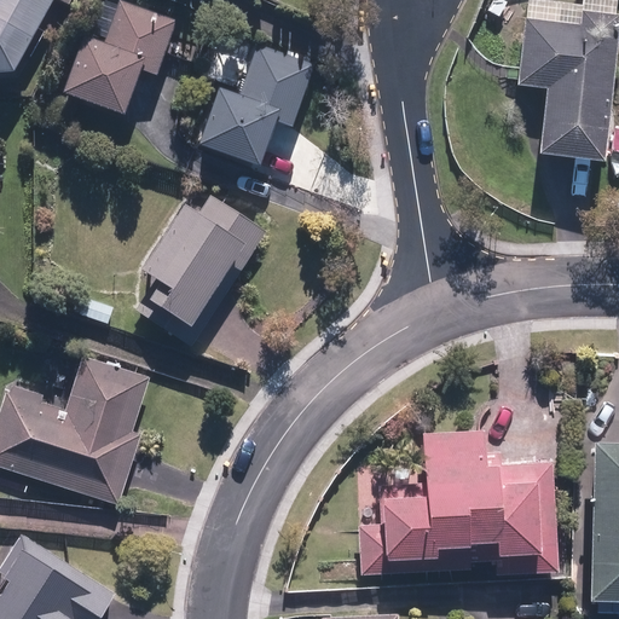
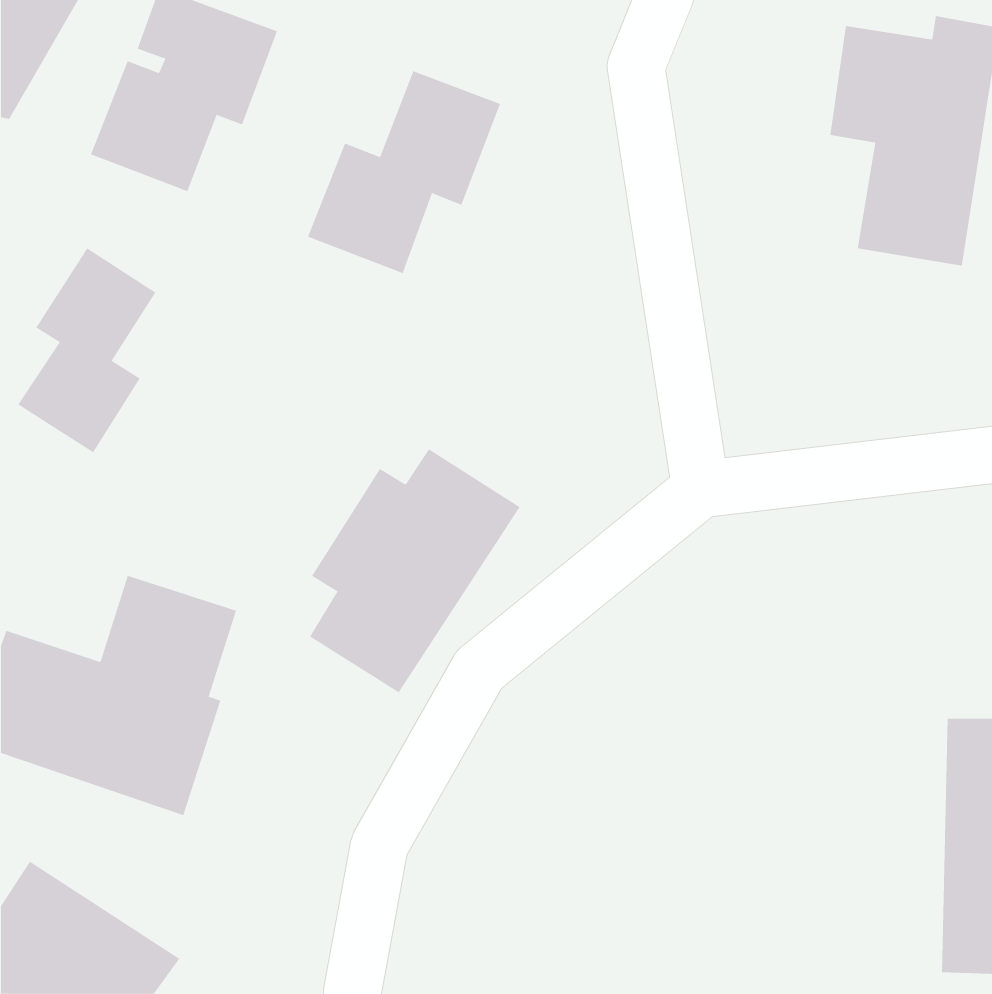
building: none -> [18,247,156,453]
building: [137,195,267,346] -> [309,449,520,693]
building: [359,432,555,573] -> none

